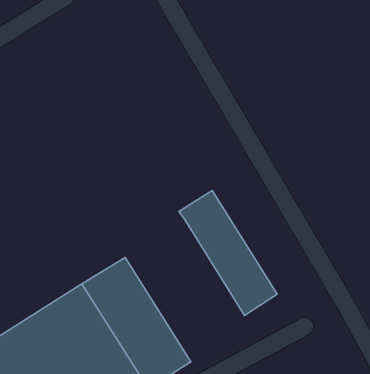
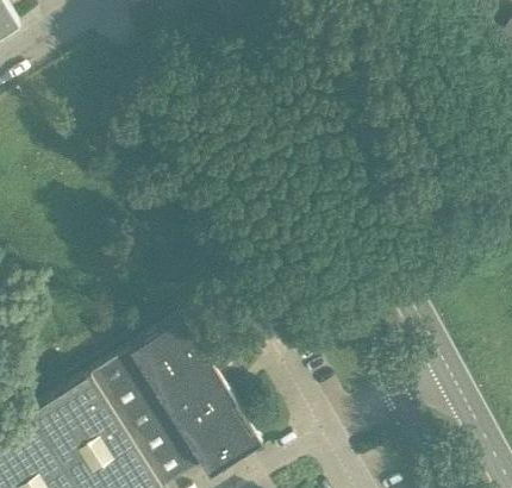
building: [179,190,277,316] -> none

